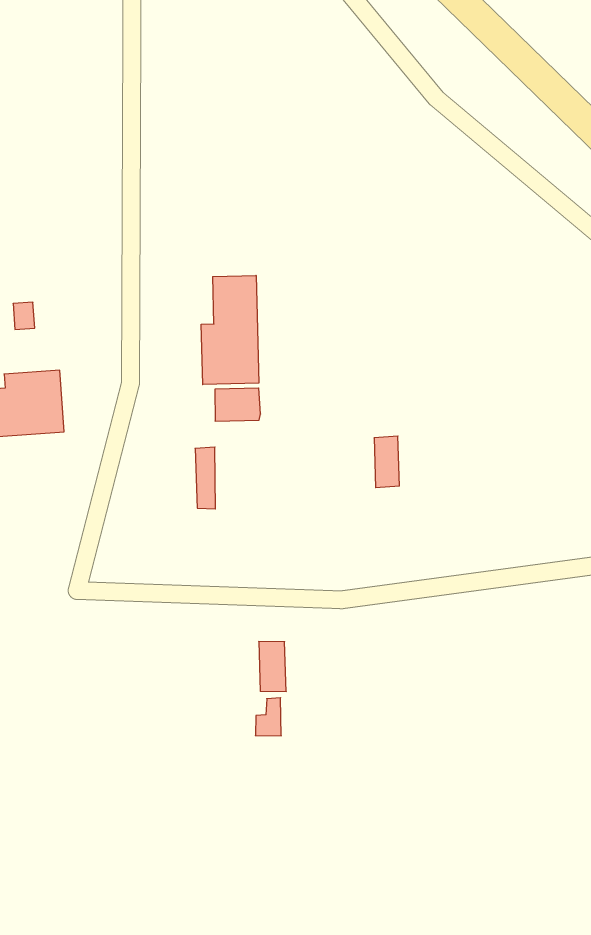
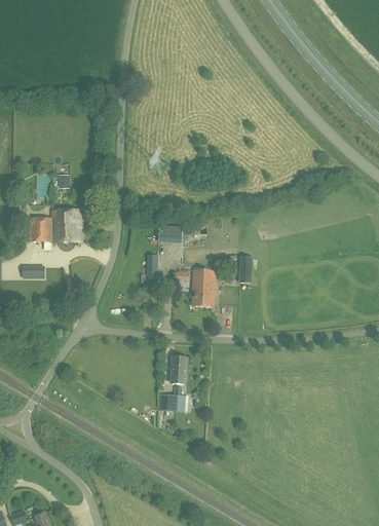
building: [201,275,259,385] -> none
building: none -> [192,269,215,307]

